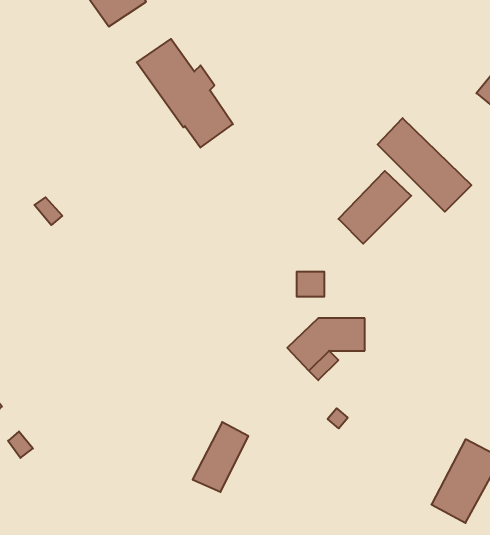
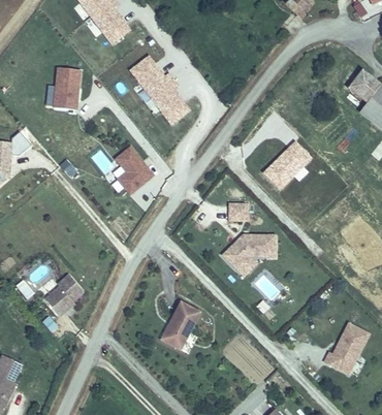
building: none -> [50,62,77,105]
building: [378,118,471,212] -> none
building: none -> [107,139,152,191]
building: none -> [47,276,85,312]

